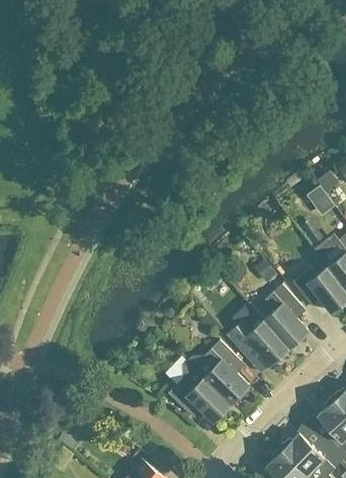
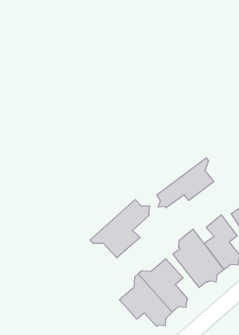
building: none -> [157,158,214,208]
building: none -> [90,200,149,258]

